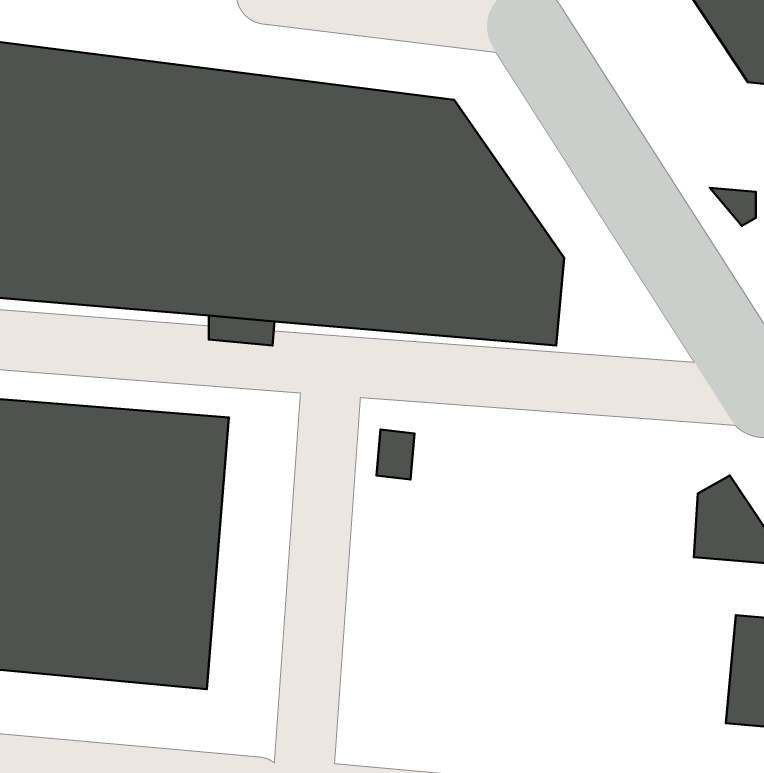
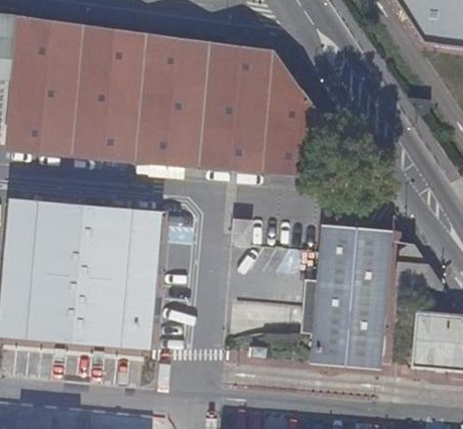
building: none -> [314,226,388,368]

